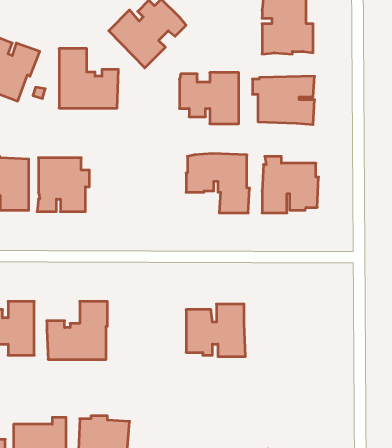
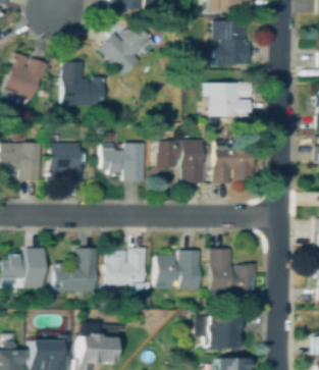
building: [179,73,239,124] -> [101,143,145,180]
building: none -> [106,247,148,290]
building: none -> [209,248,256,300]
building: none -> [204,315,238,347]

